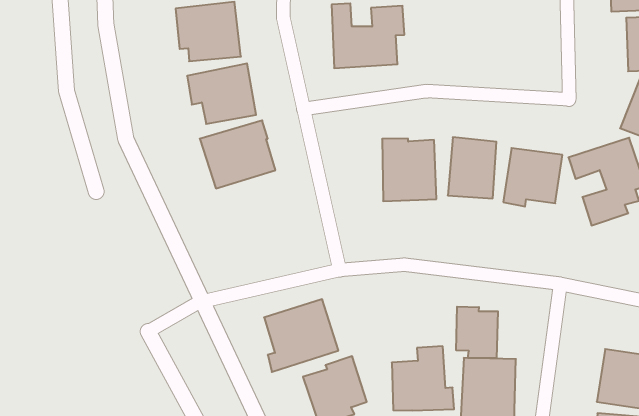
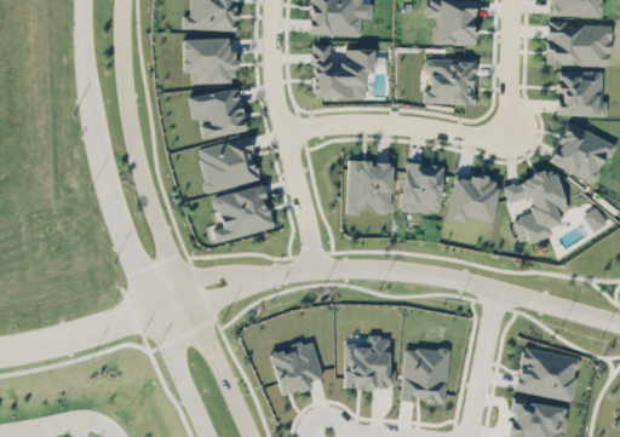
building: none -> [424,59,475,104]
building: [264,299,338,372] -> [212,184,272,242]
building: [456,307,498,358] -> none

